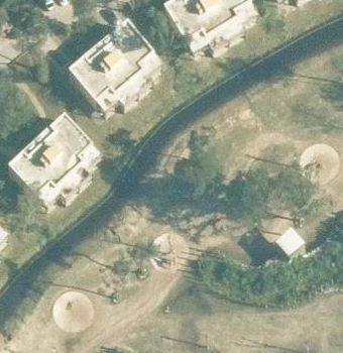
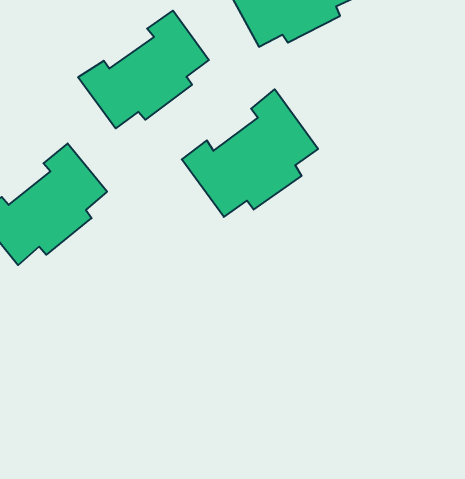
building: none -> [182,89,318,217]

